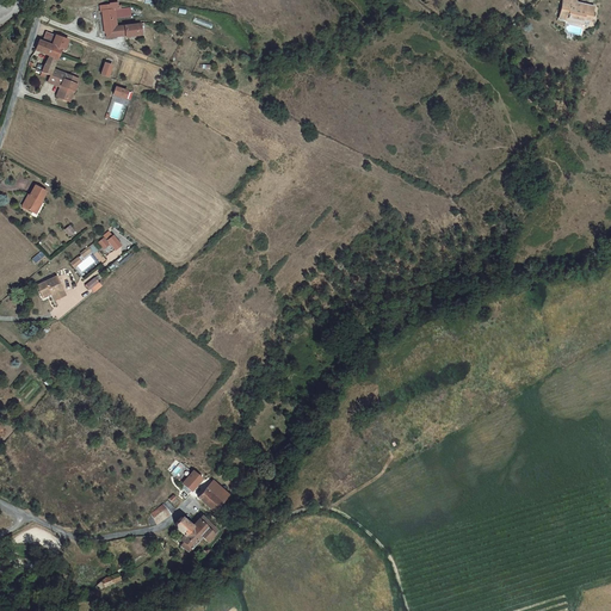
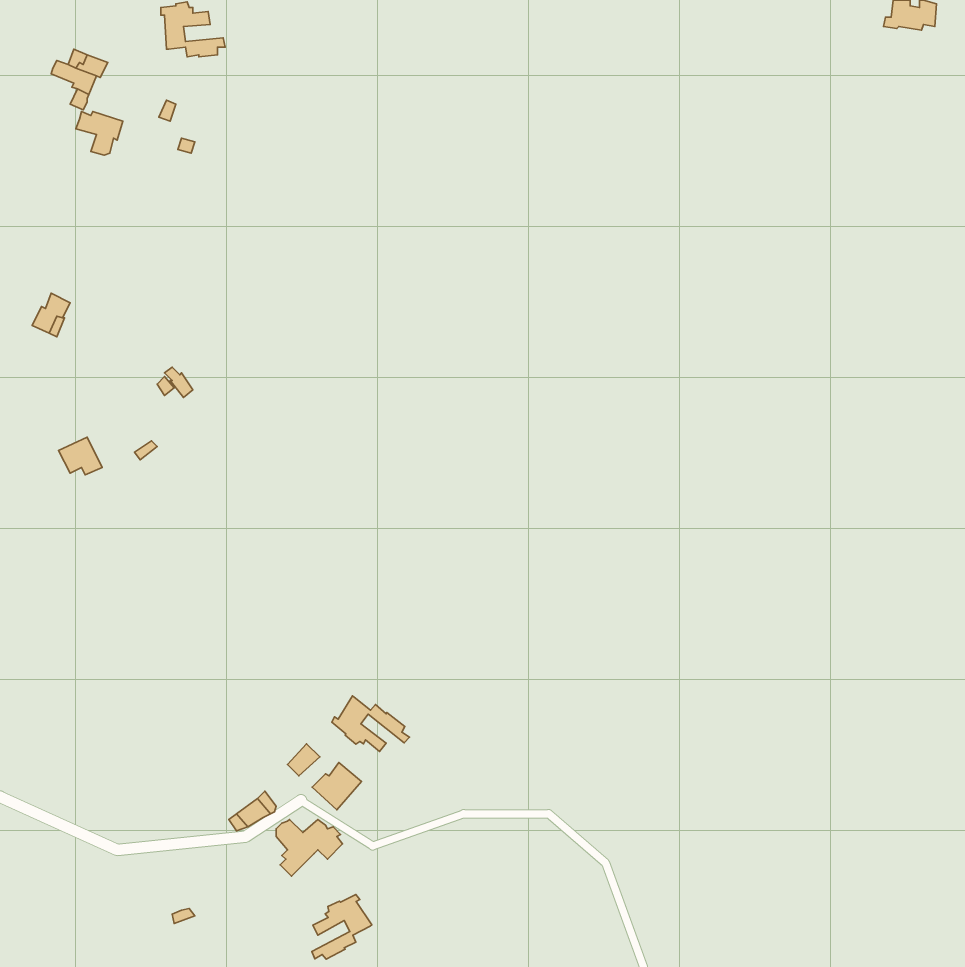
building: none -> [332,696,409,752]
building: none -> [312,894,372,959]

